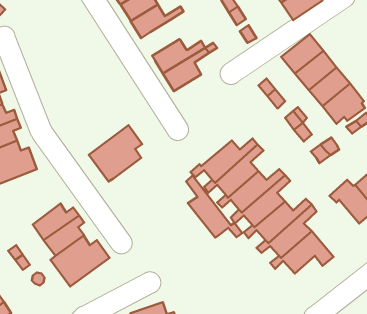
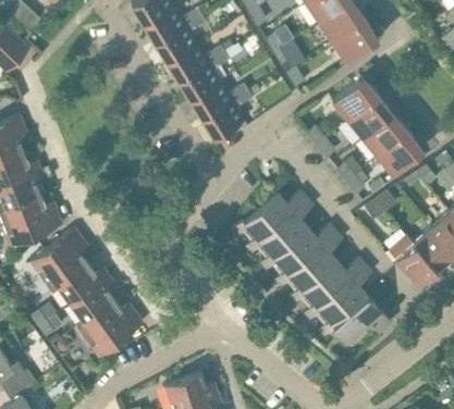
building: none -> [176,51,228,100]
building: [89,125,142,181] -> [29,227,88,289]
building: [186,176,242,238] -> none

